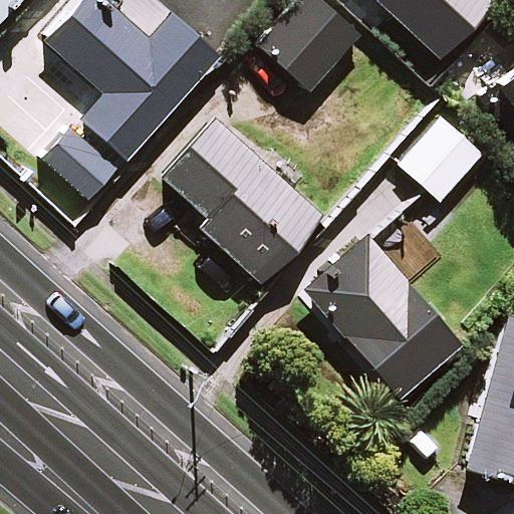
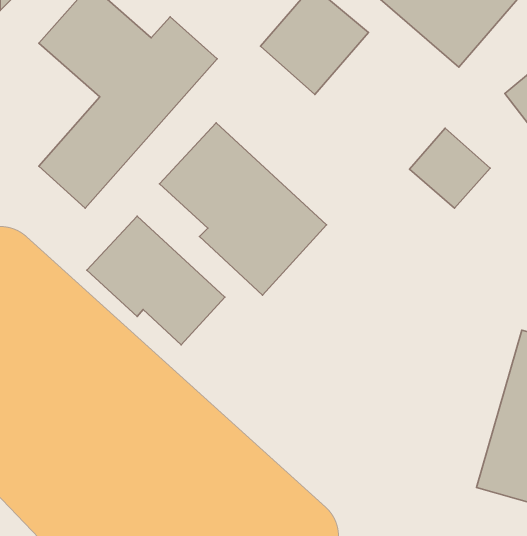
building: none -> [87,216,225,345]
building: [306,238,460,396] -> none

